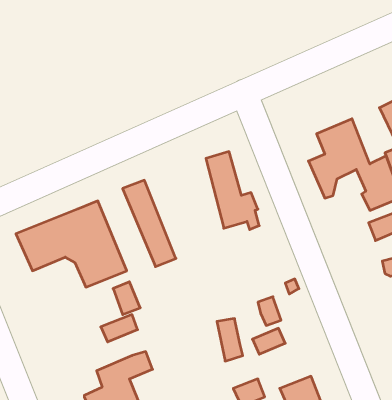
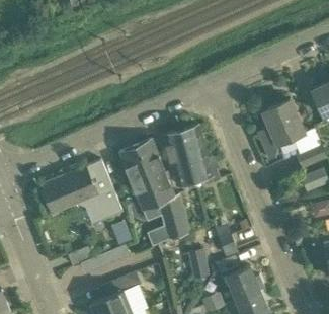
building: none -> [163,130,196,189]
building: none -> [136,139,189,240]
building: none -> [227,266,259,300]

